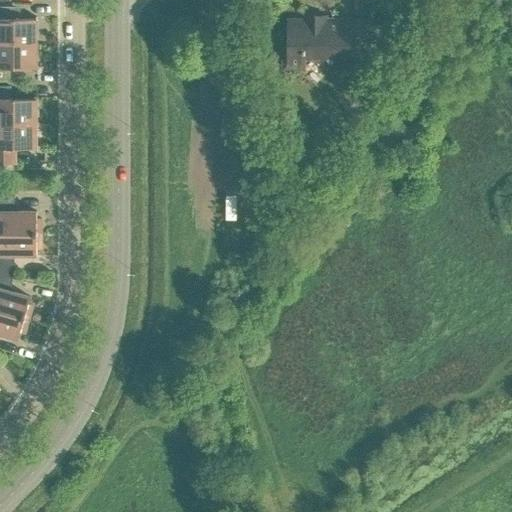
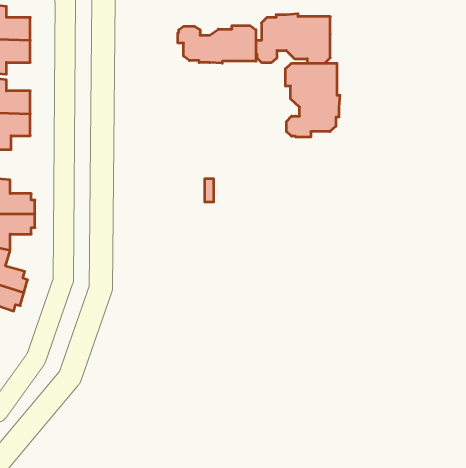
building: none -> [178,26,256,63]
building: none -> [285,63,340,137]

